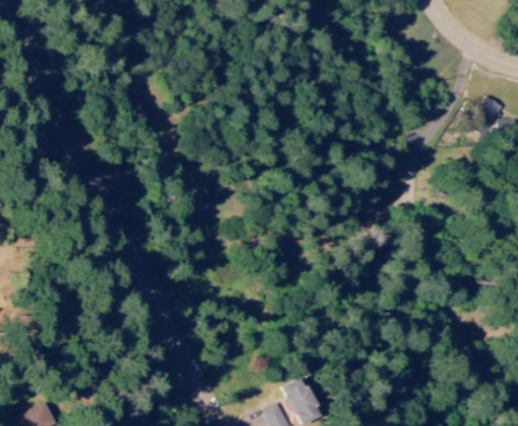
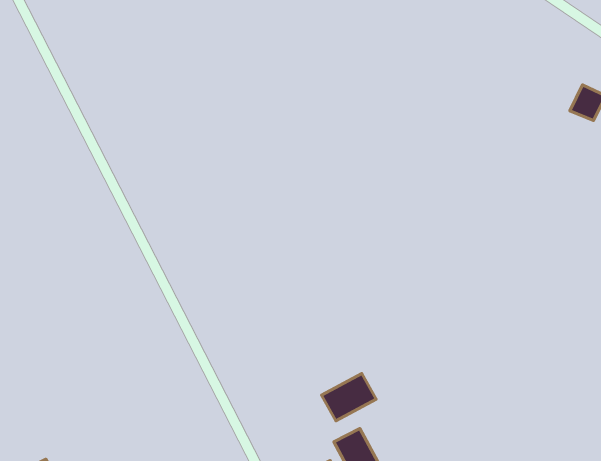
building: none -> [322,373,376,421]

